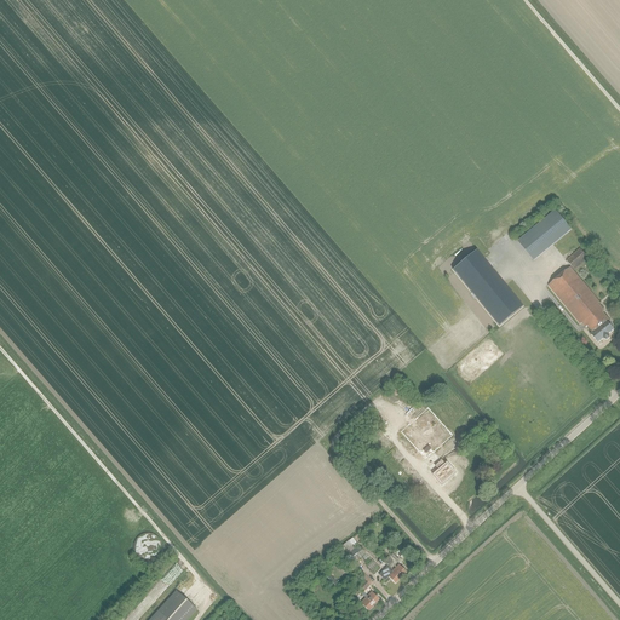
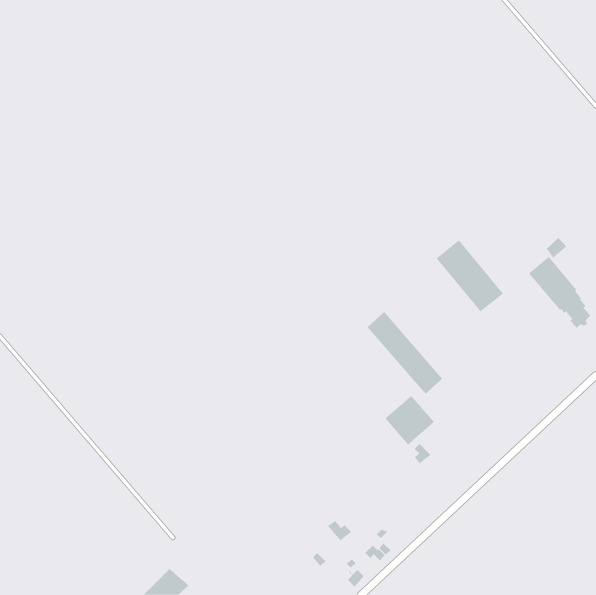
building: [516,208,570,258] -> none
building: none -> [367,311,443,395]

